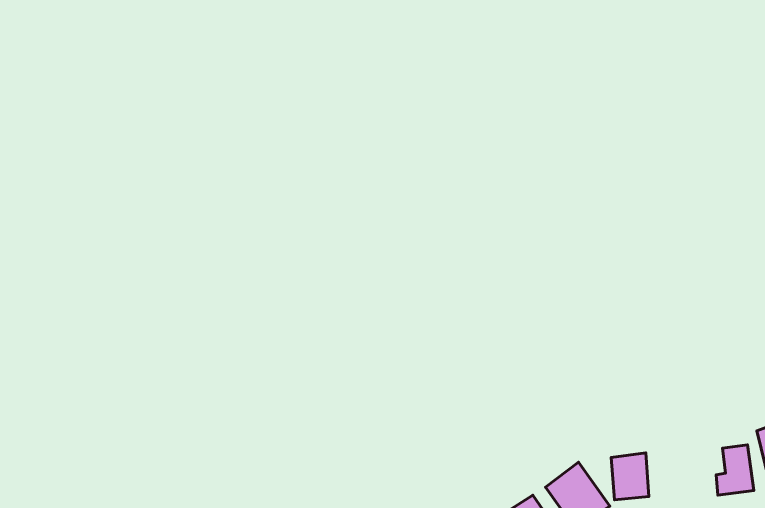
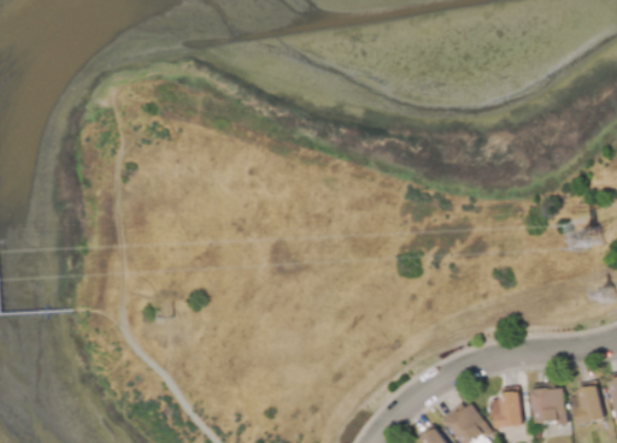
building: none -> [531,388,564,424]

